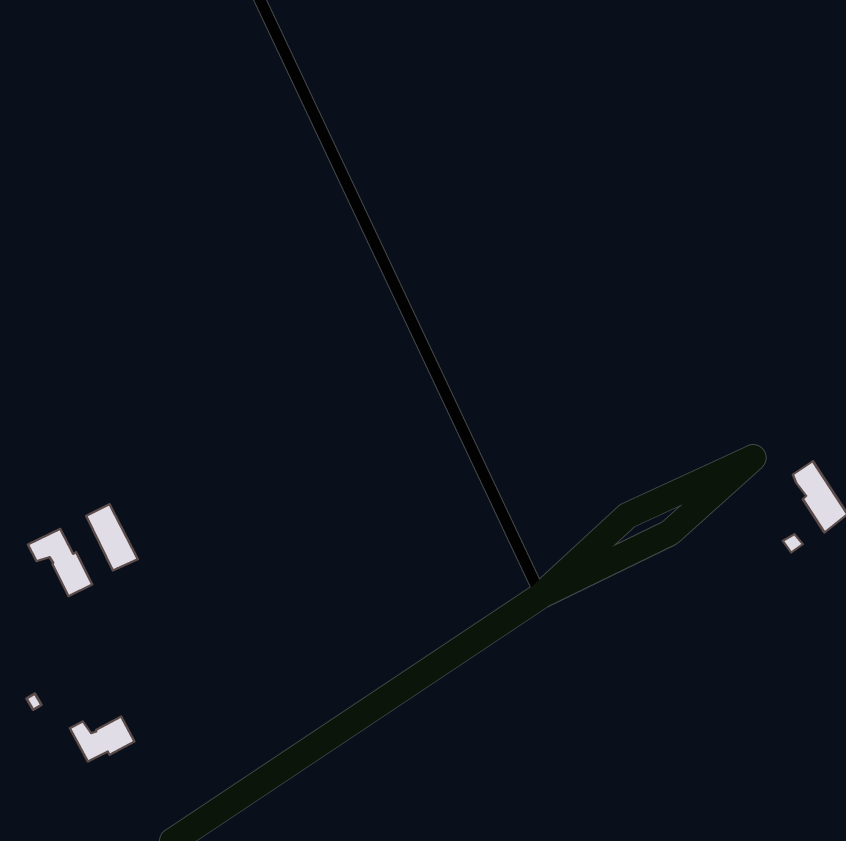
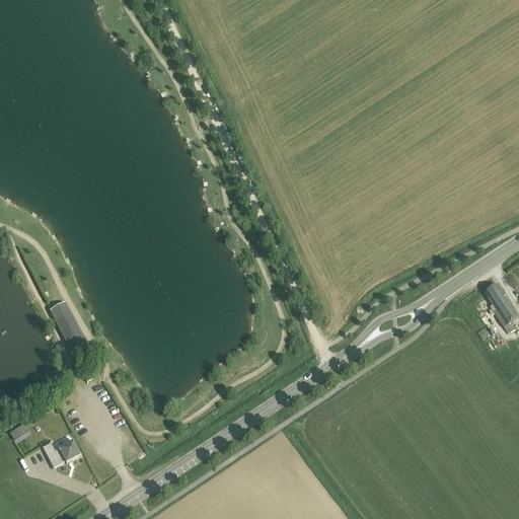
building: [28,529,92,596] -> none

